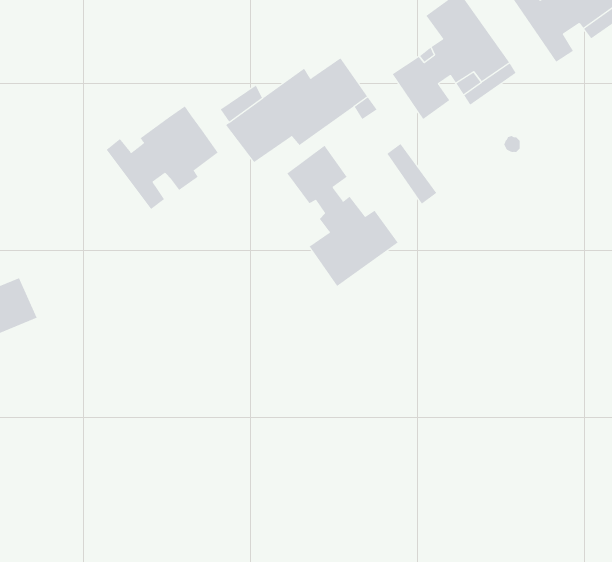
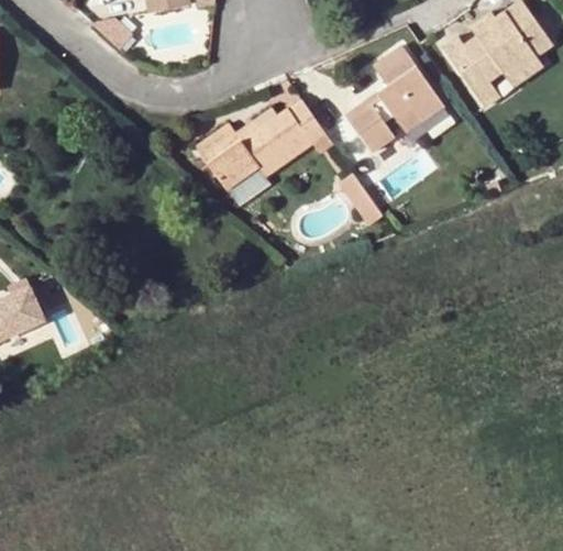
building: [106,105,218,210] -> none
building: [286,145,399,287] -> none

